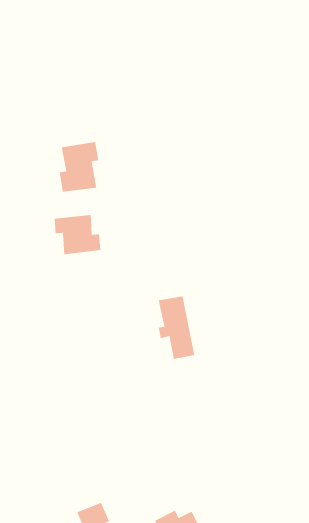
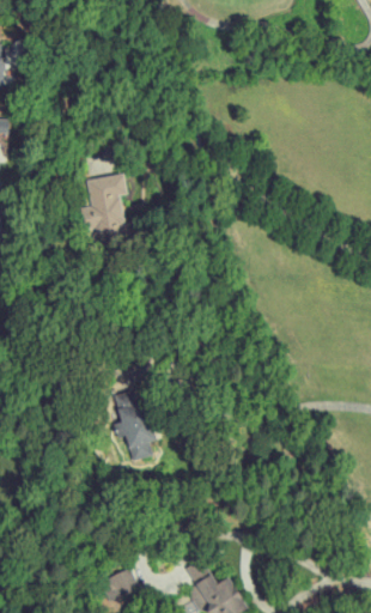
building: [54,214,101,255] -> none
building: [158,295,195,360] -> [115,389,156,460]

